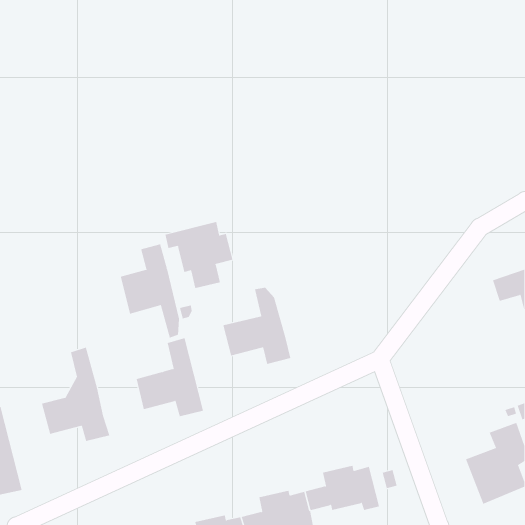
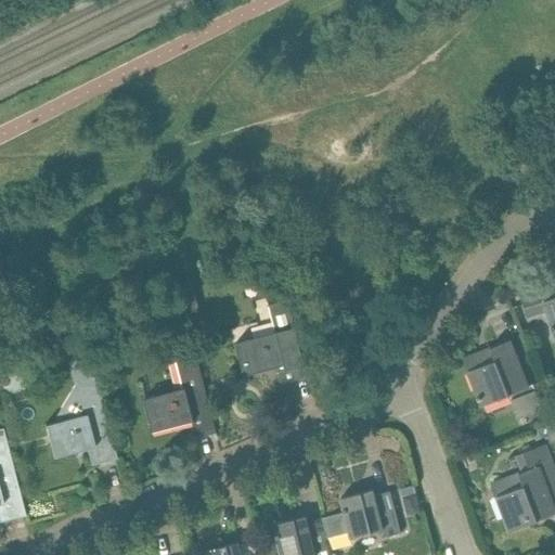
building: [165,221,233,289] -> none
building: [120,243,180,338] -> none
building: none -> [462,340,541,417]

